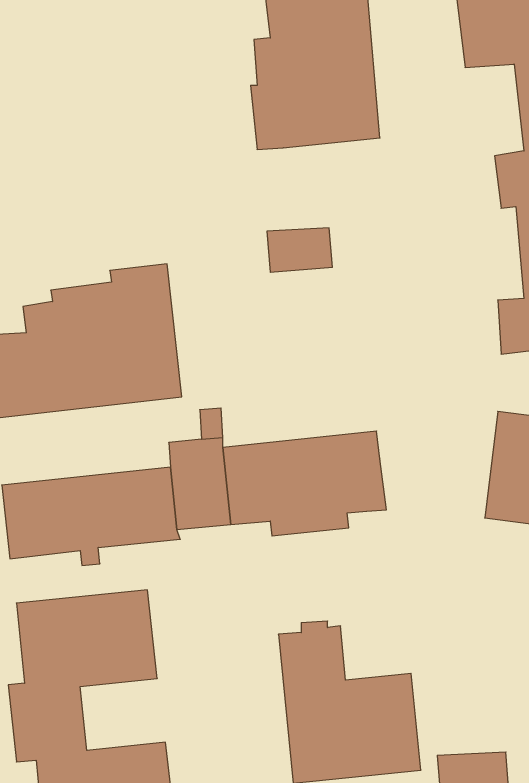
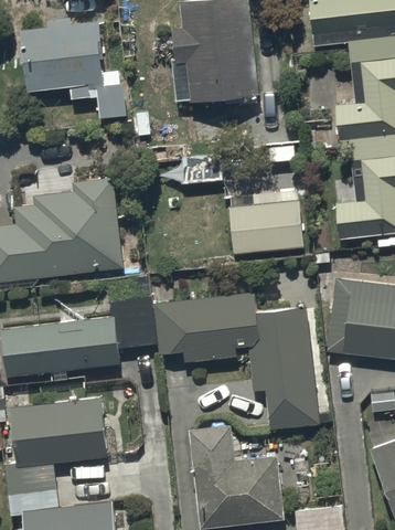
building: none -> [23,17,129,117]
building: none -> [229,193,301,246]
building: none -> [248,306,318,427]

